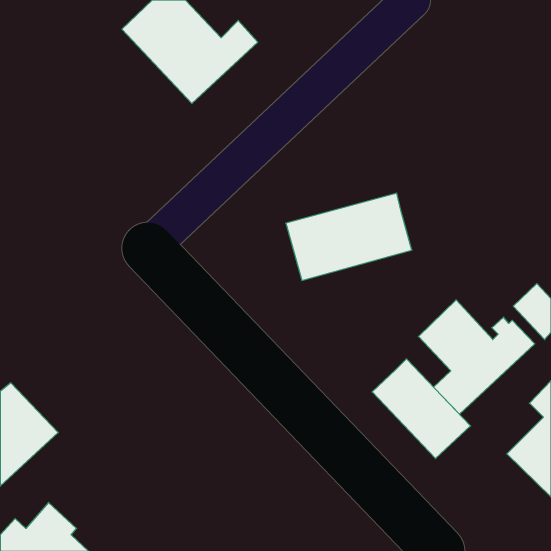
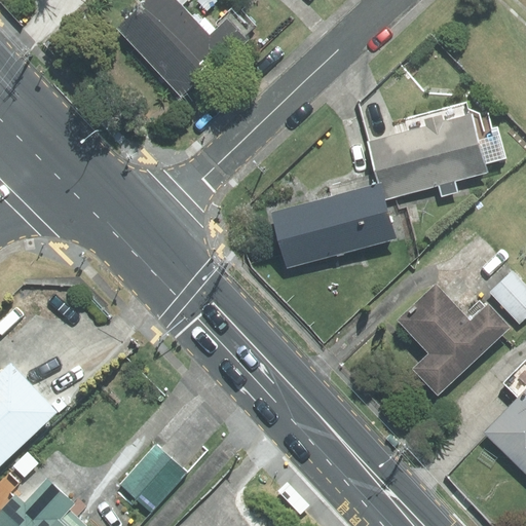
building: none -> [366,103,508,201]
building: [372,359,471,459] -> none
building: none -> [120,444,187,512]

